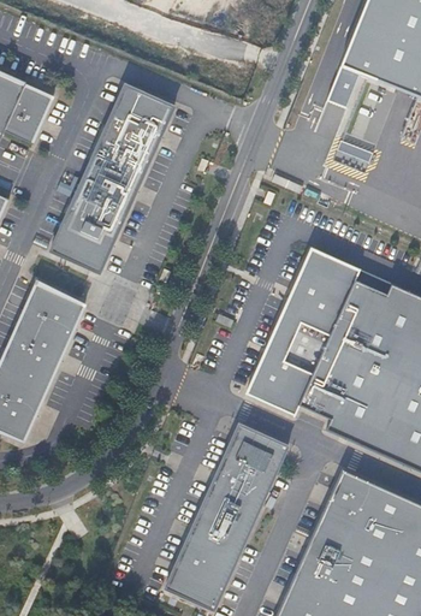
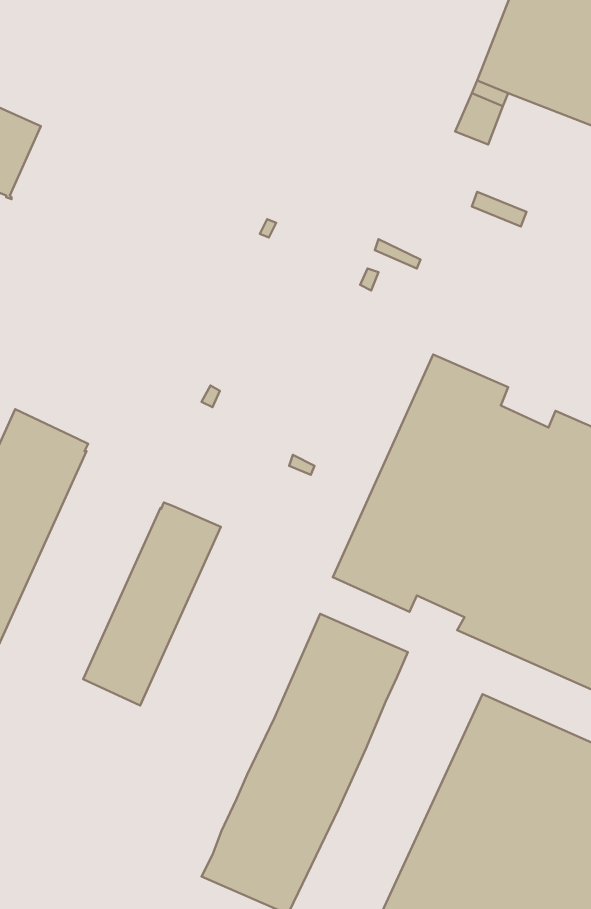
building: [49,83,174,272] -> none
building: none -> [83,502,221,706]

